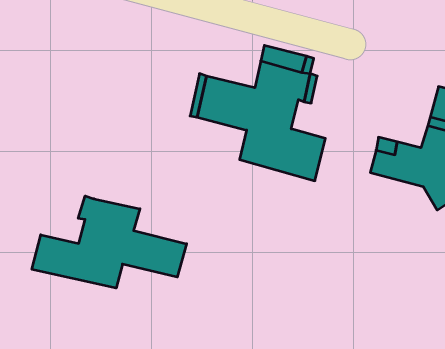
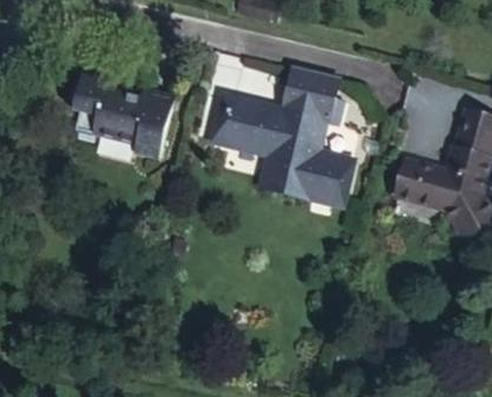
building: none -> [74,75,174,160]
building: [32,196,187,288] -> none

